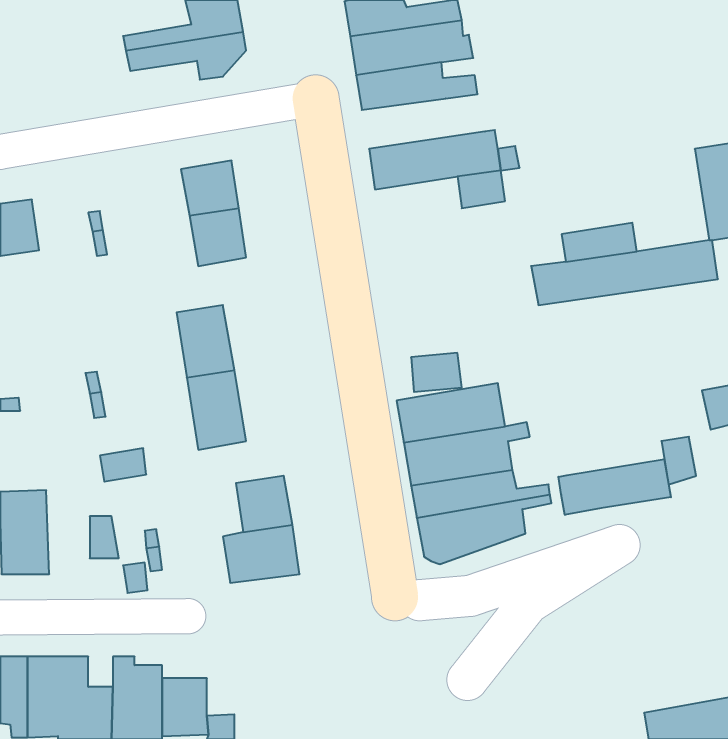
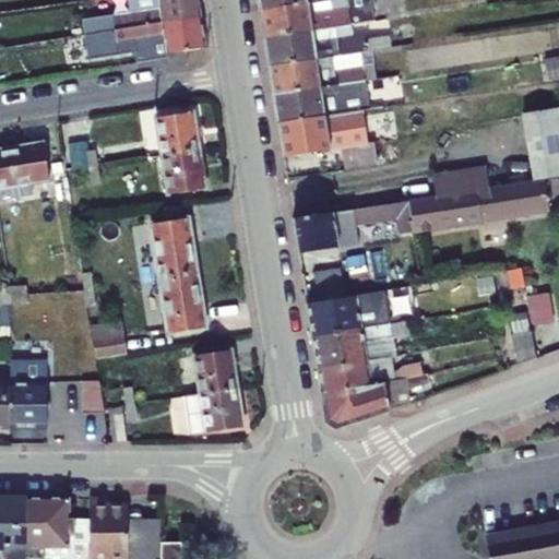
building: none -> [282,74,374,112]
building: none -> [294,201,415,250]
building: [558,459,671,515] -> none

